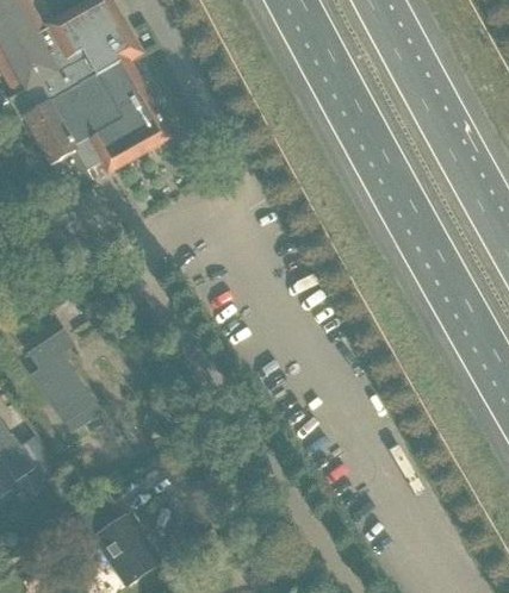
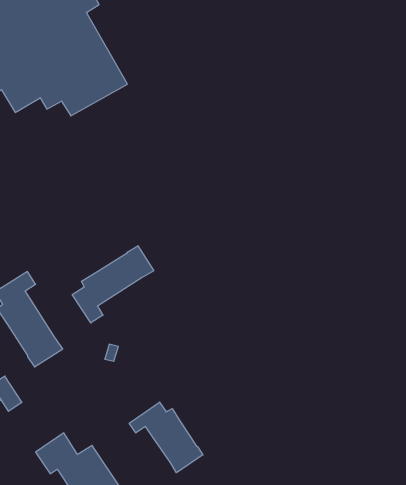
building: none -> [72,246,154,323]
building: none -> [129,402,203,473]

